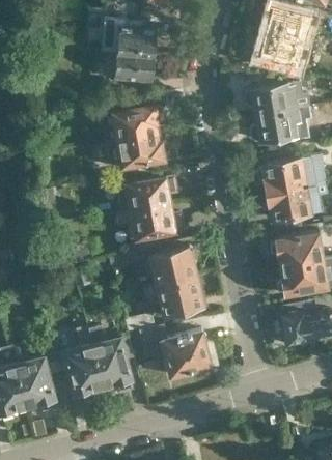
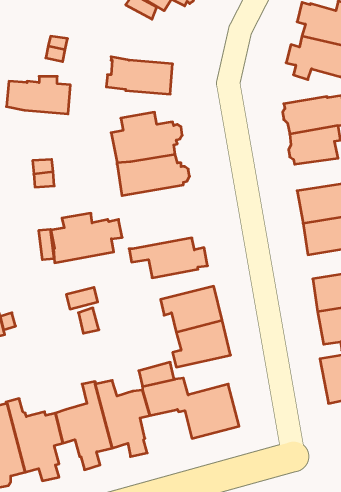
building: [101,24,156,56] -> [6,76,70,114]
building: [116,172,177,214] -> [51,213,122,263]

